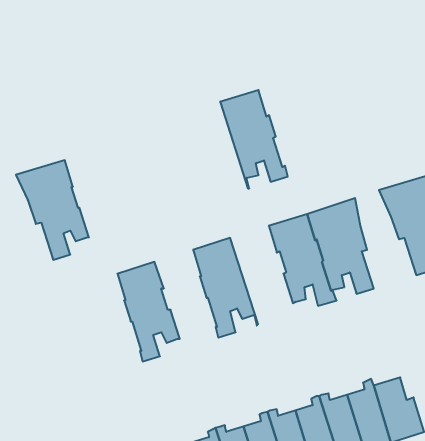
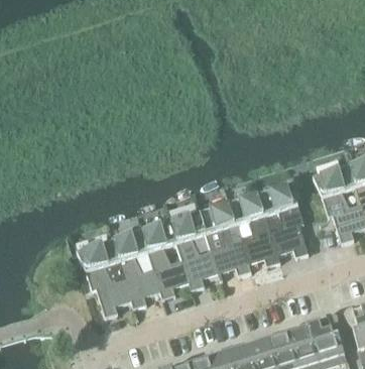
building: [220,90,288,188] -> [200,205,251,279]
building: [16,160,89,260] -> [77,241,132,317]
building: none -> [142,223,190,298]

